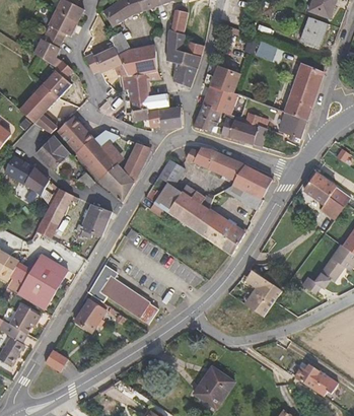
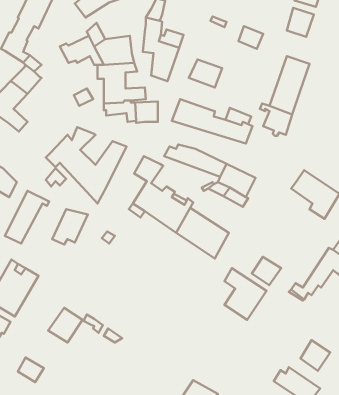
building: [200,84,236,115] -> none
building: [56,116,93,155] -> none
building: [34,137,68,171] -> none
building: none -> [252,257,281,285]
building: [87,266,155,320] -> none
building: none -> [301,340,330,371]

